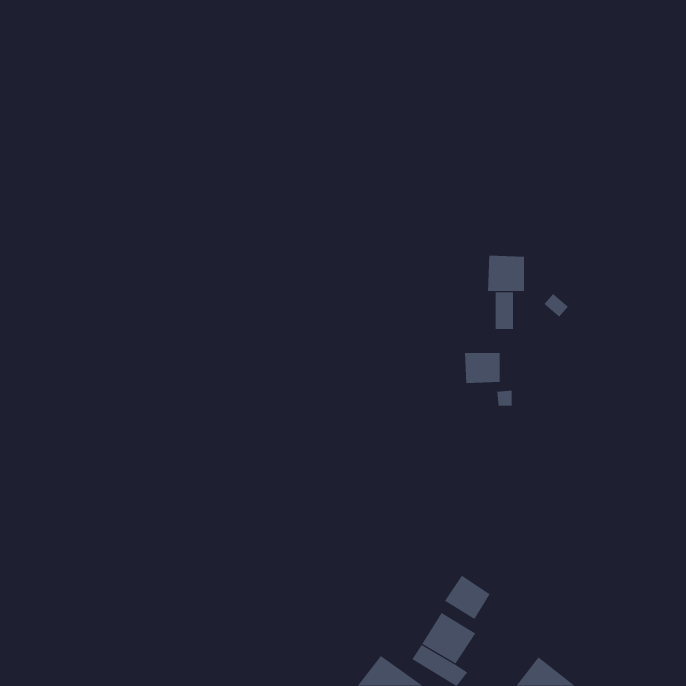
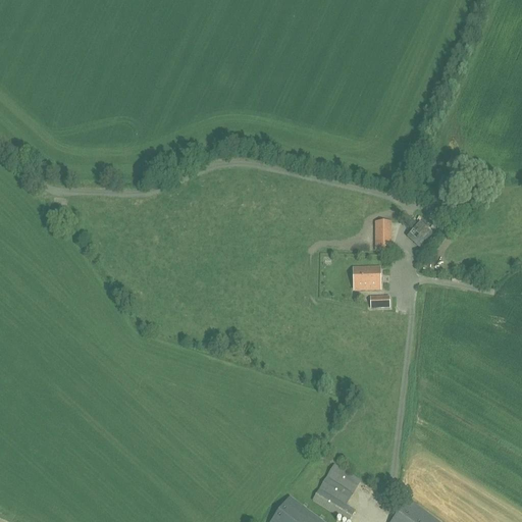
building: [487,255,524,292] -> none
building: [444,575,490,620] -> none

